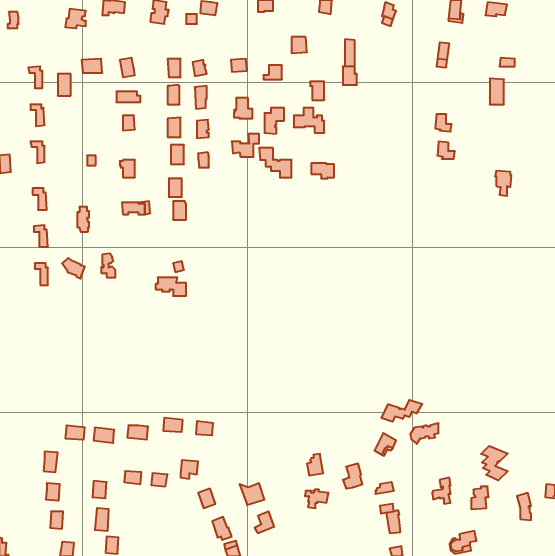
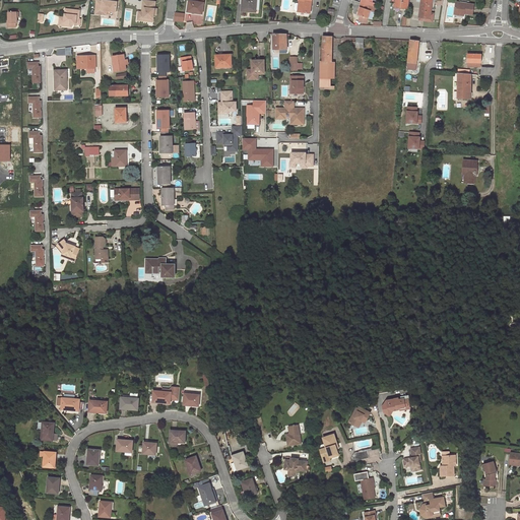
building: [382,400,422,422] -> none
building: [481,446,508,481] -> none

